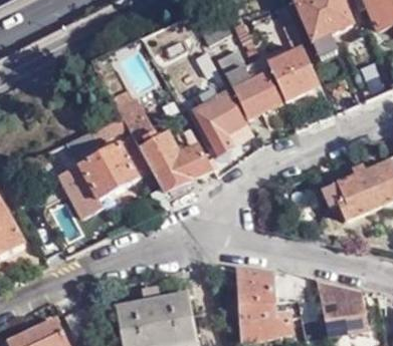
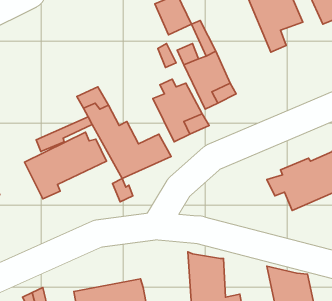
building: [271,9,321,100] -> none

